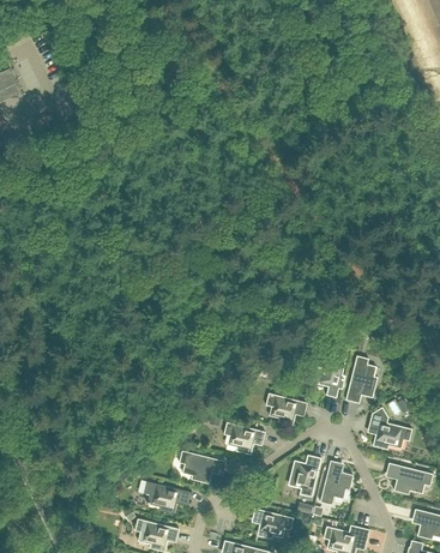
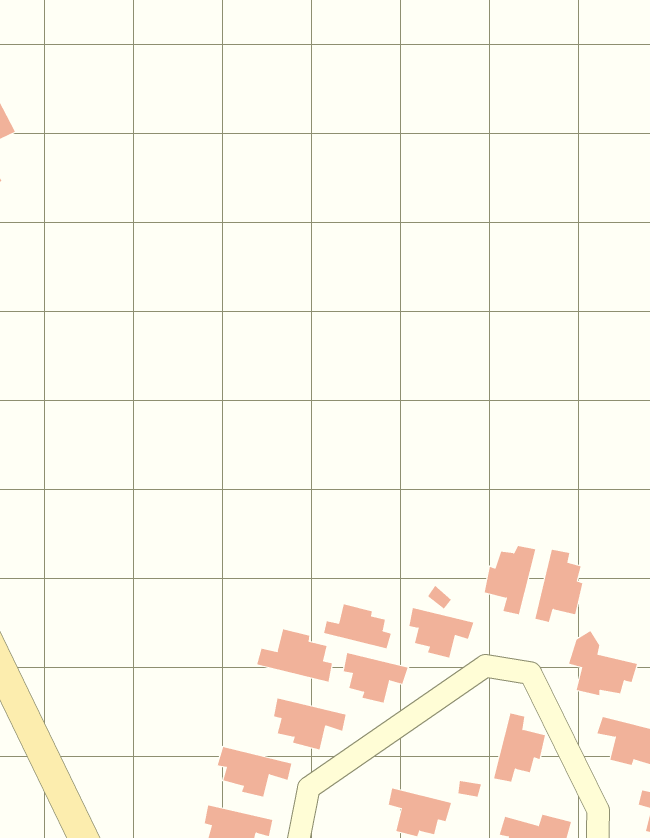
building: none -> [323,604,392,649]
building: none -> [257,628,333,682]
building: [291,455,321,497] -> none

